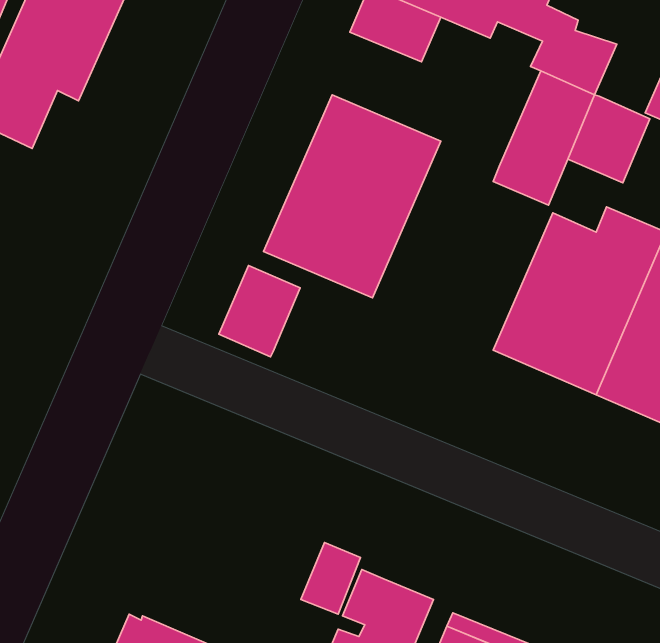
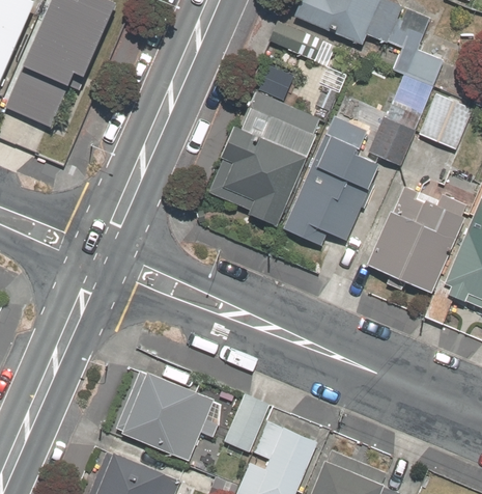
building: none -> [279,122,382,251]
building: [219,265,300,357] -> none
building: none -> [127,372,219,462]

